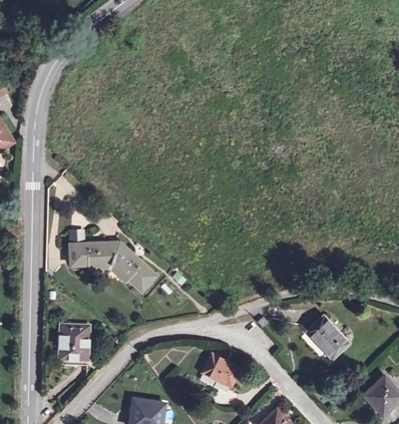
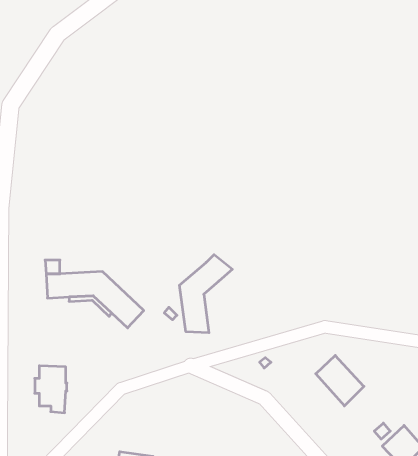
building: none -> [179,255,232,333]
building: [202,354,239,390] -> none

